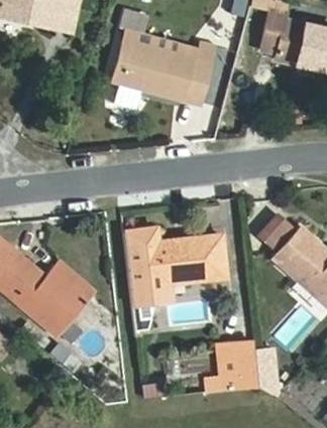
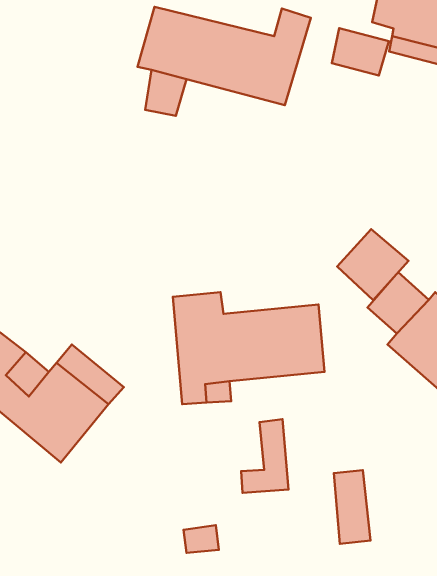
building: none -> [332,28,389,75]
building: none -> [337,229,409,300]
building: [208,344,239,393] -> [241,419,289,493]

